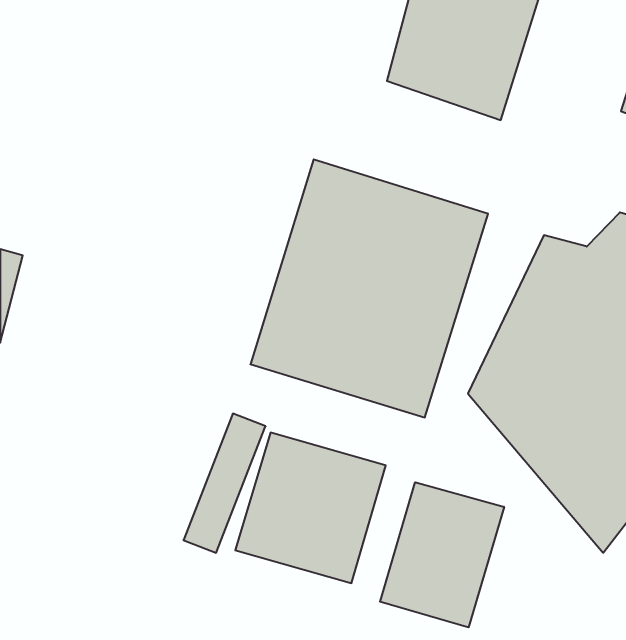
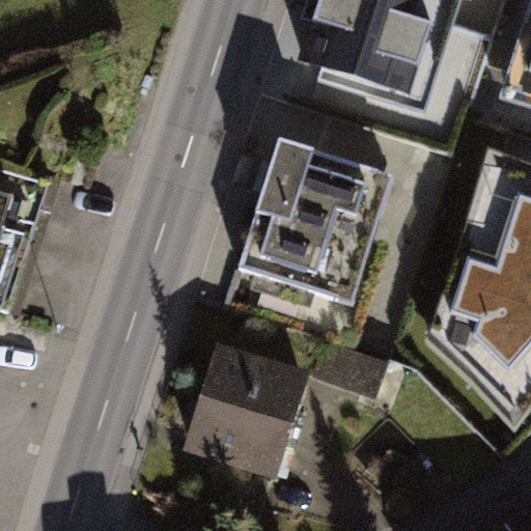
building: [380,482,504,627] -> none

